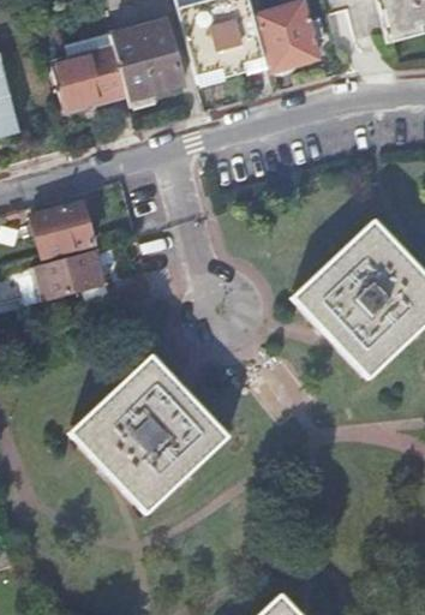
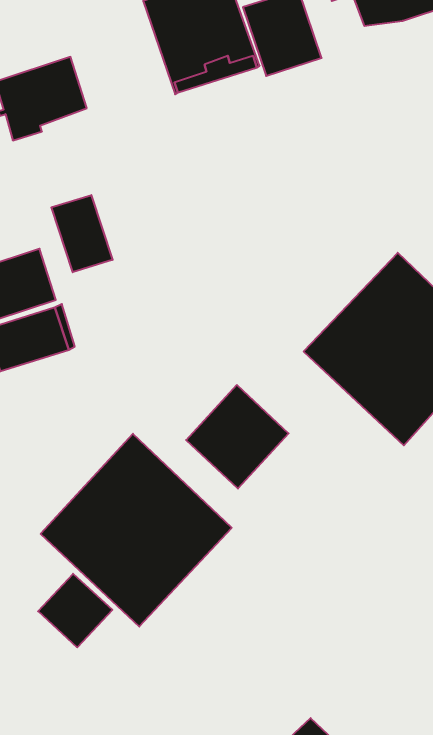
building: [113,25,184,100] -> none
building: none -> [51,195,113,272]
building: none -> [186,385,289,489]
building: none -> [38,574,112,647]

